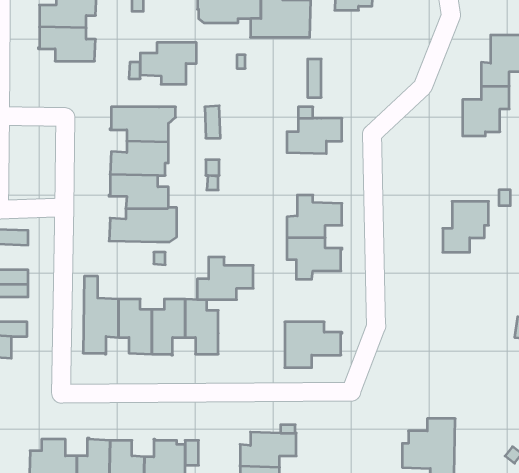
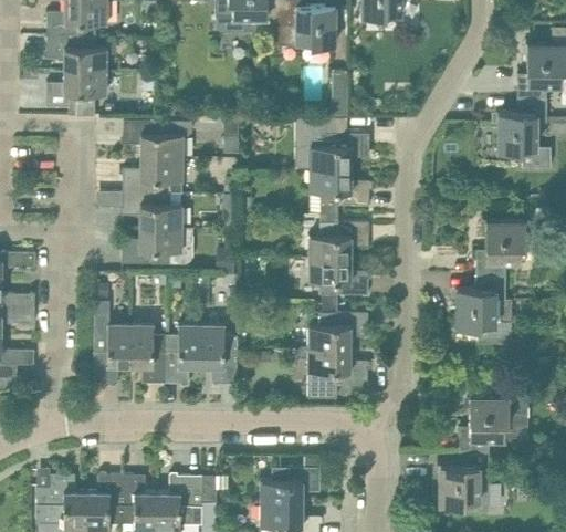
building: [140,43,196,84] -> [46,72,106,116]
building: none -> [311,169,370,215]
building: none -> [457,275,515,343]
building: [197,257,253,300] -> [308,304,368,350]
building: none -> [460,392,528,452]

